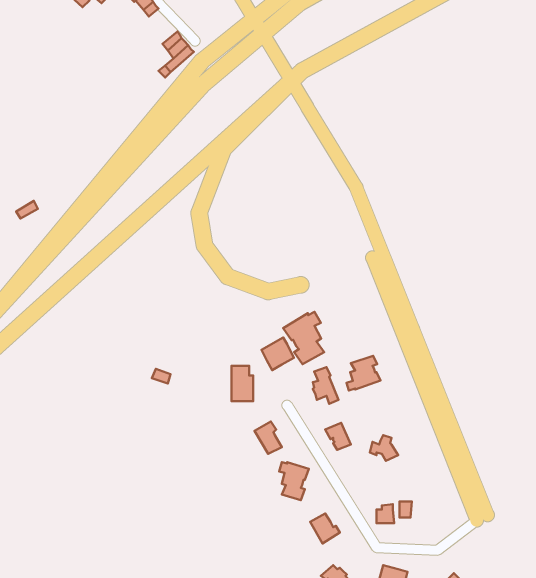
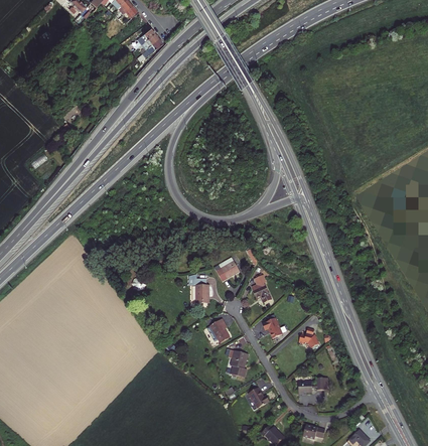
building: [283,312,324,364] -> none
building: [346,356,381,390] -> none

